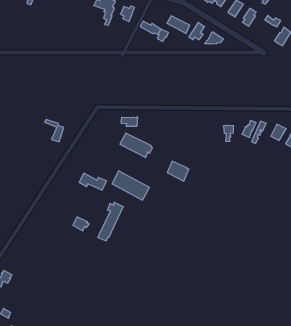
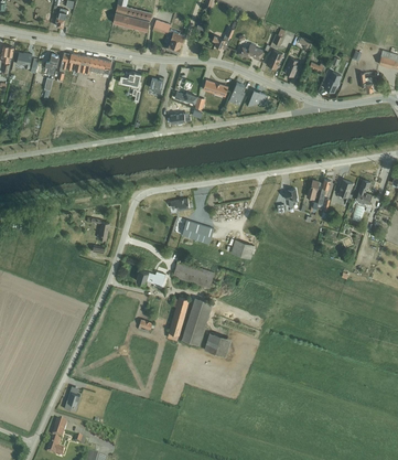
building: none -> [182,298,213,345]
building: none -> [204,333,233,357]

